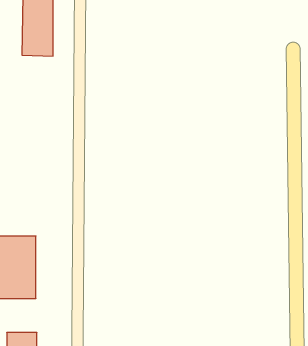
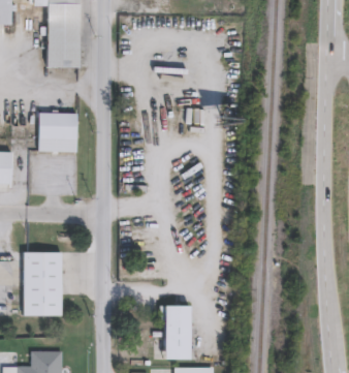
building: none -> [39,113,77,151]
building: none -> [161,302,188,356]

